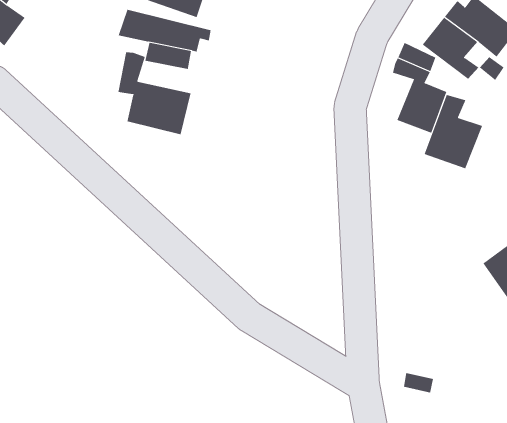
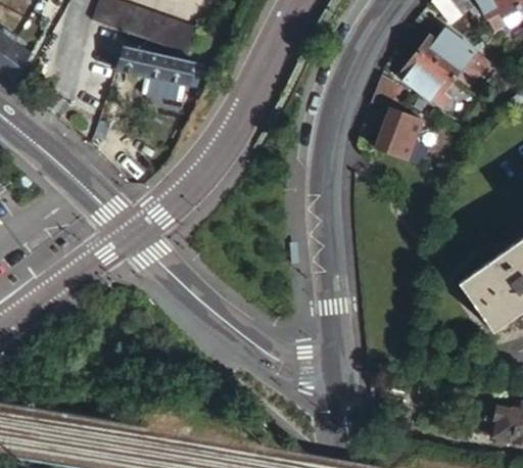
building: [118,51,191,135] -> none
building: [424,94,483,169] -> none

